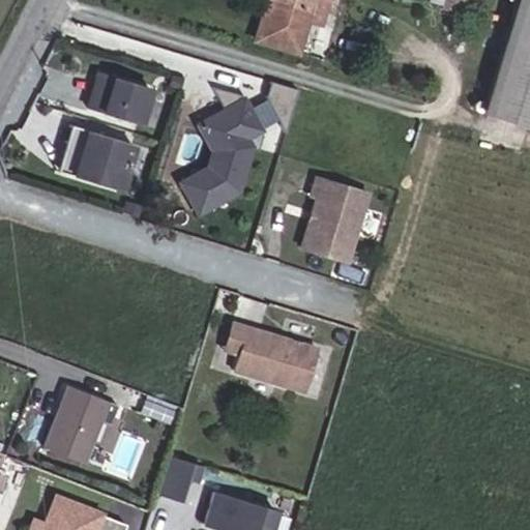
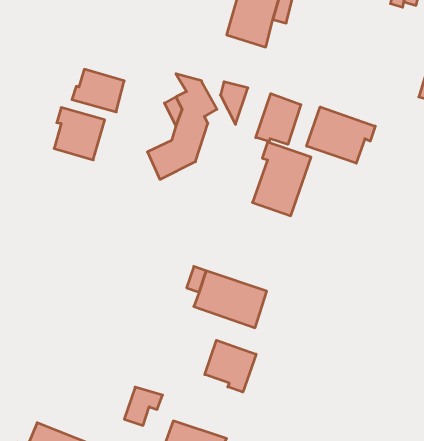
building: none -> [256,94,301,144]
building: none -> [307,107,375,163]
building: [46,387,120,466] -> none
building: none -> [205,340,256,392]

